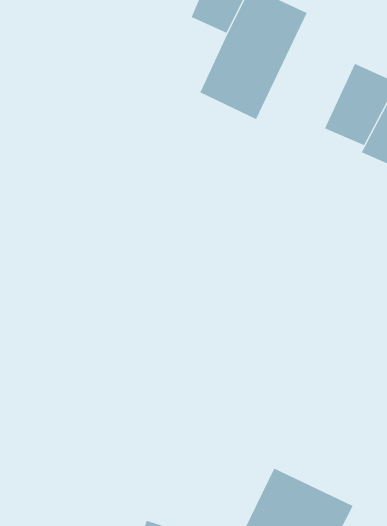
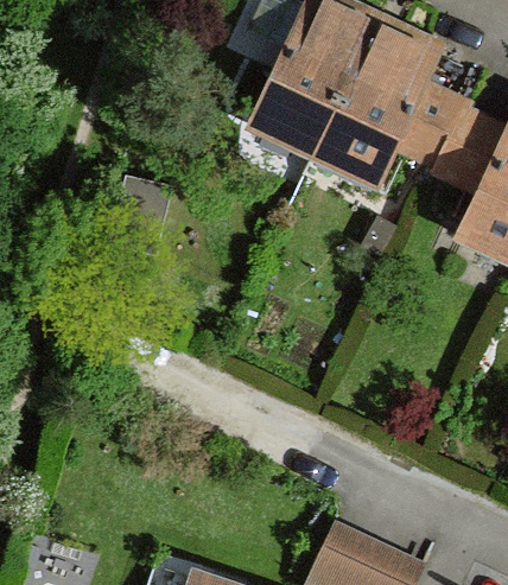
building: none -> [319,26,438,172]

